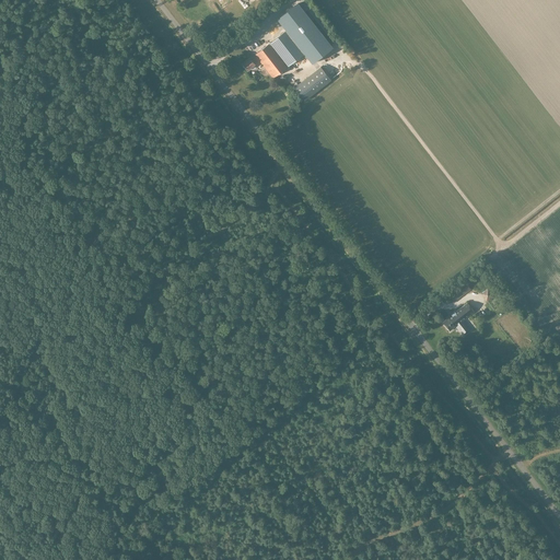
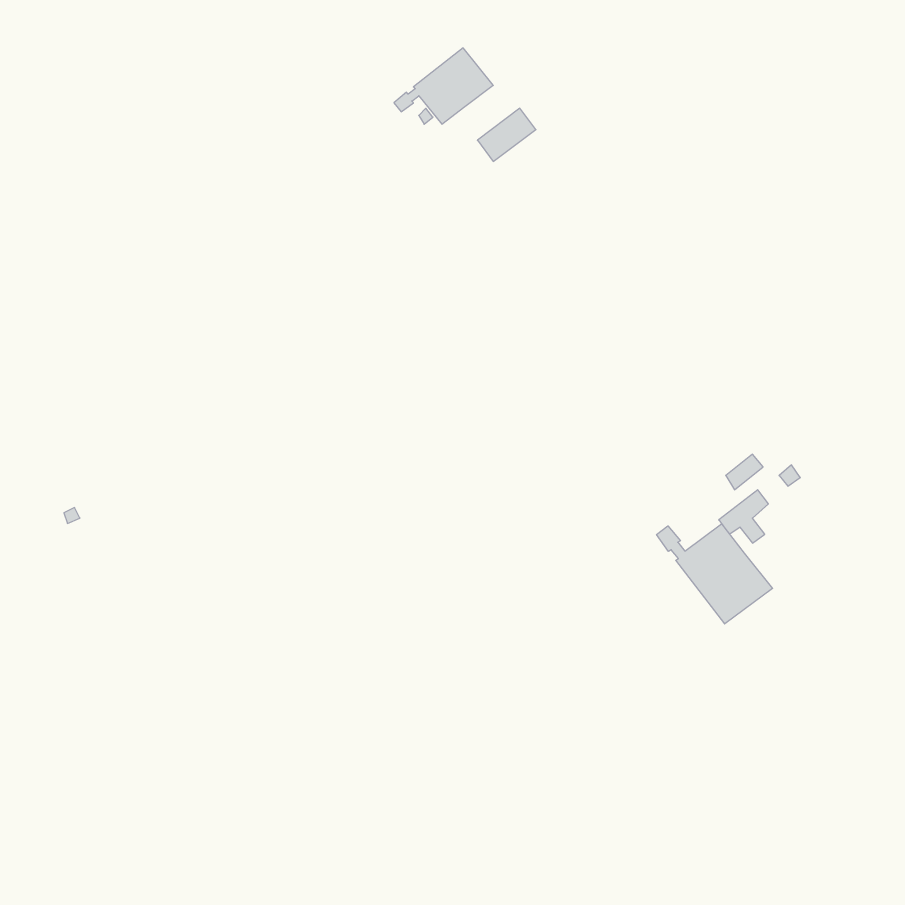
building: [285,12,334,63] -> none
building: none -> [657,524,773,624]

